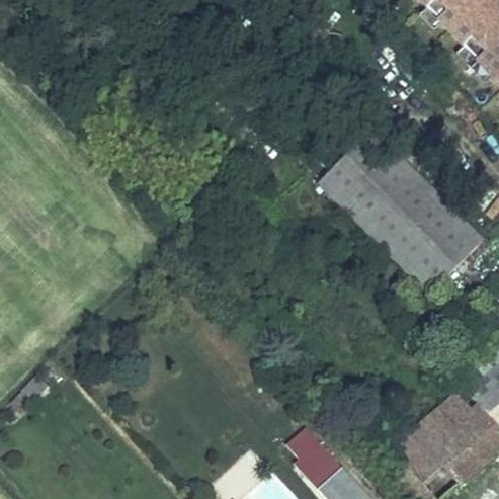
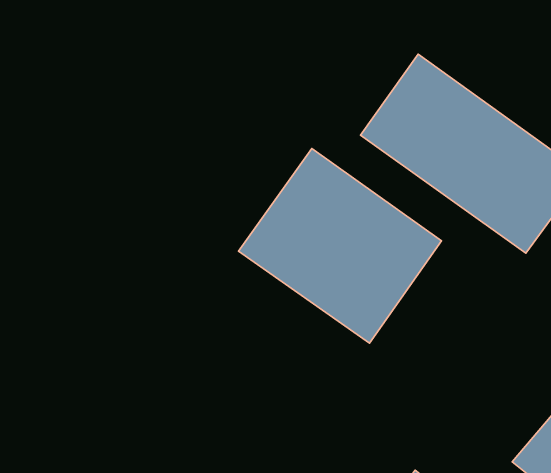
building: none -> [239,148,442,343]

